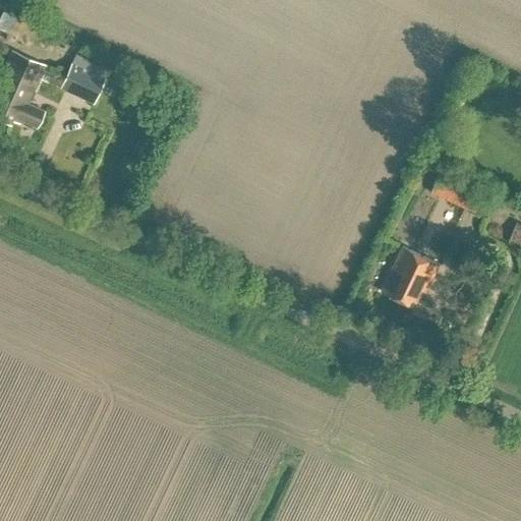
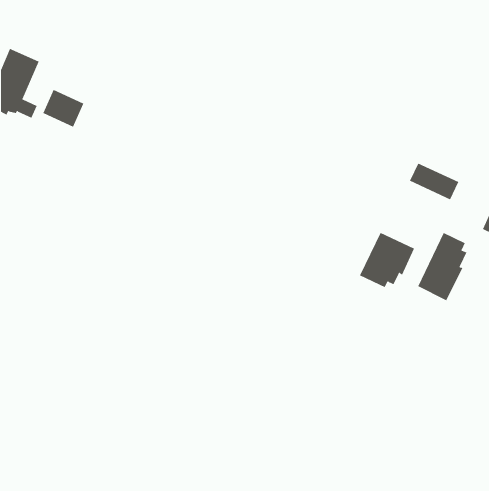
building: [63,63,107,104] -> [43,89,84,128]
building: none -> [417,232,467,301]

